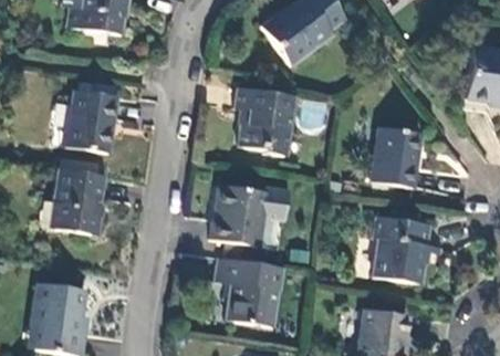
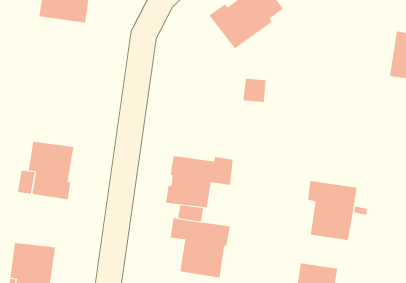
building: [236,85,294,154] -> none
building: [65,90,118,153] -> none
building: [372,124,423,186] -> none

